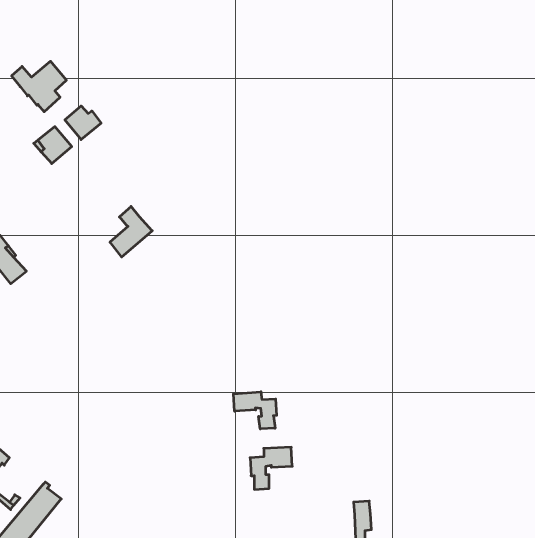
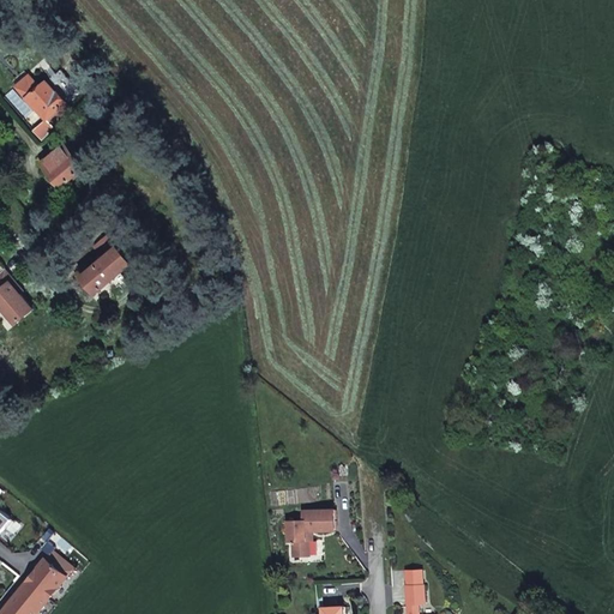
building: [65,106,101,140] -> none
building: [110,206,152,257] -> [80,236,128,294]
building: [233,392,277,429] -> none

